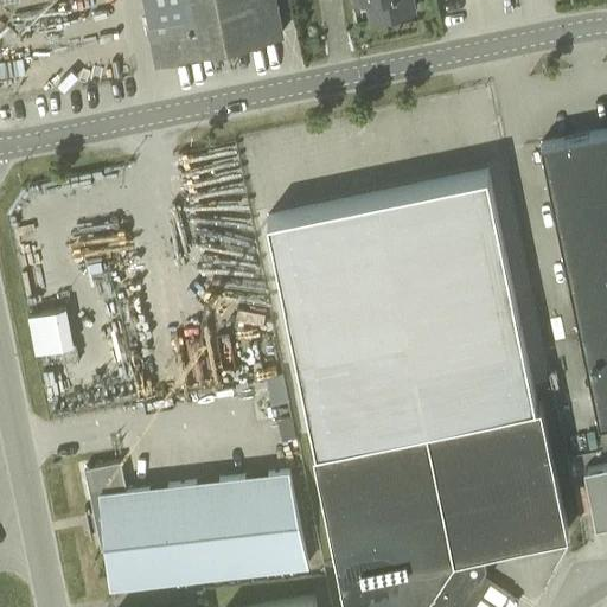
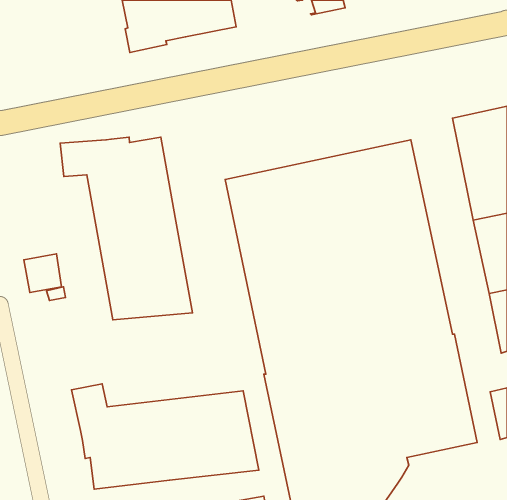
building: none -> [60,137,193,320]

